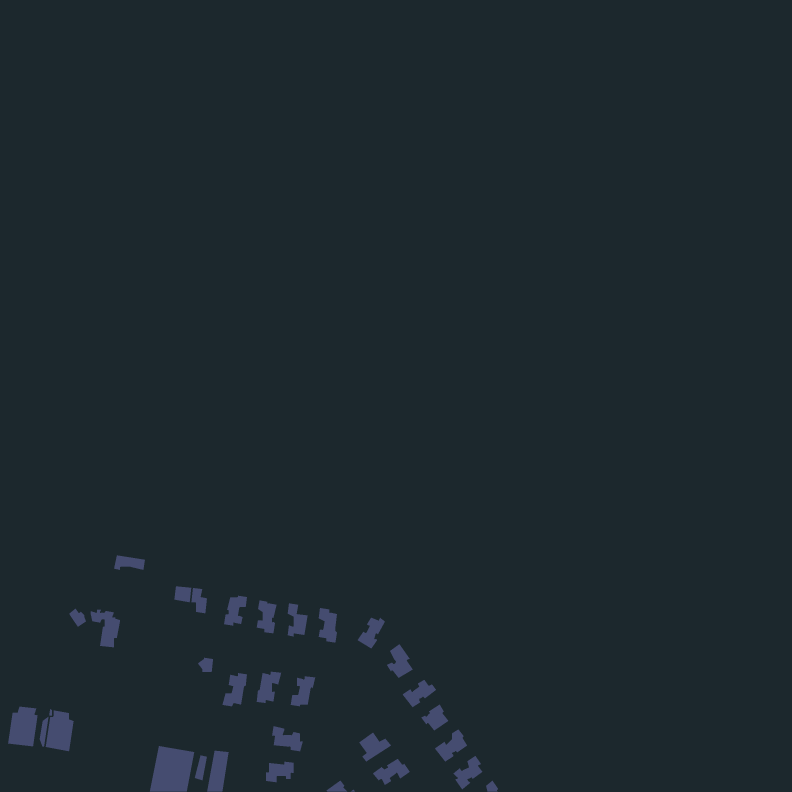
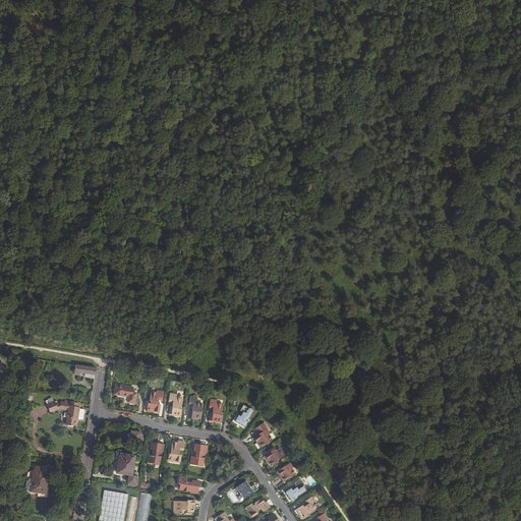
building: none -> [111,452,133,483]
building: [7,706,38,747] -> none

